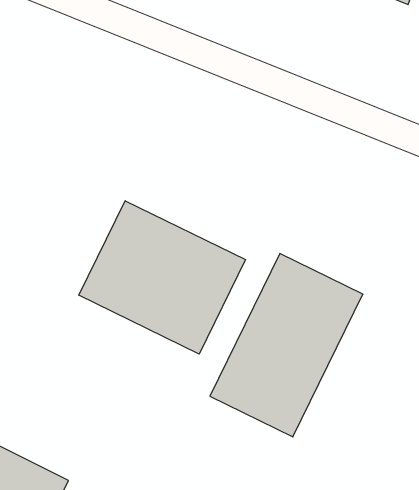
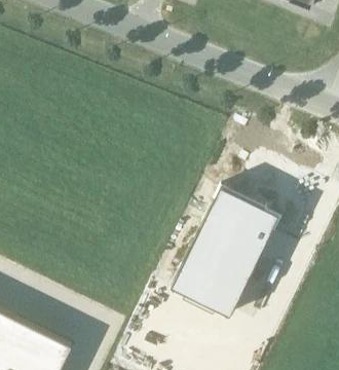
building: [79,201,245,354] -> none

